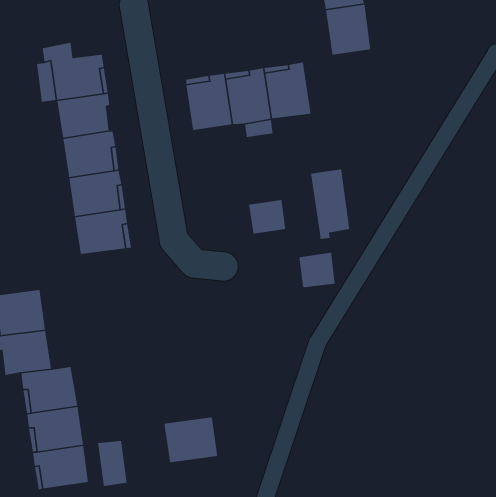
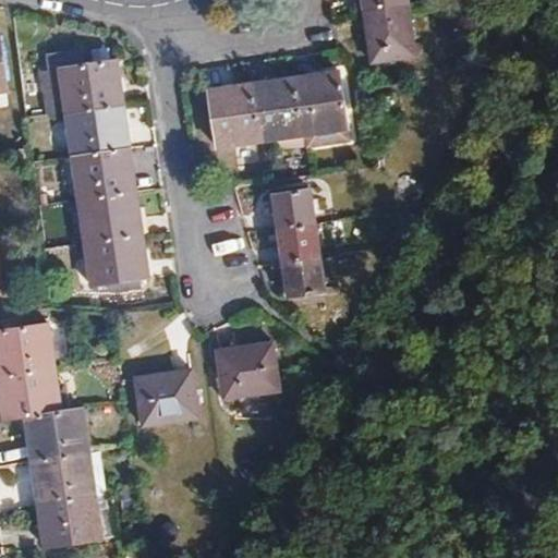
building: none -> [272,187,315,228]
building: [310,169,350,240] -> none
building: [299,252,336,288] -> [282,256,324,296]
building: none -> [215,343,278,398]
building: [164,416,218,463] -> [135,371,196,423]
building: [97,440,127,487] -> none

